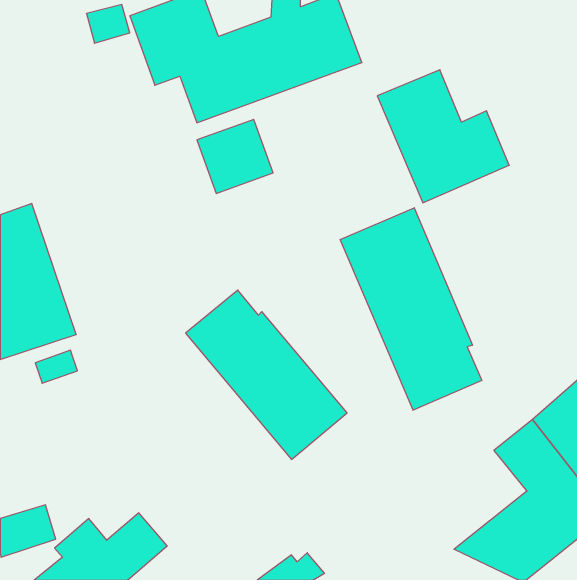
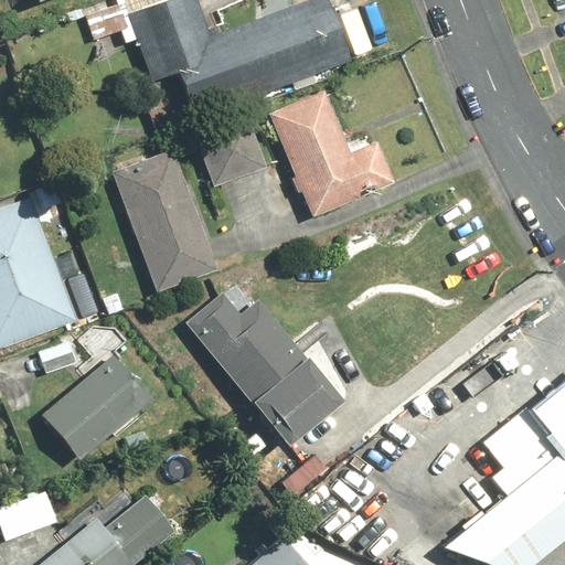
building: [377,70,509,203] -> [268,90,396,220]
building: none -> [113,148,218,292]
building: [340,208,482,410] -> none
building: none -> [42,352,153,460]

